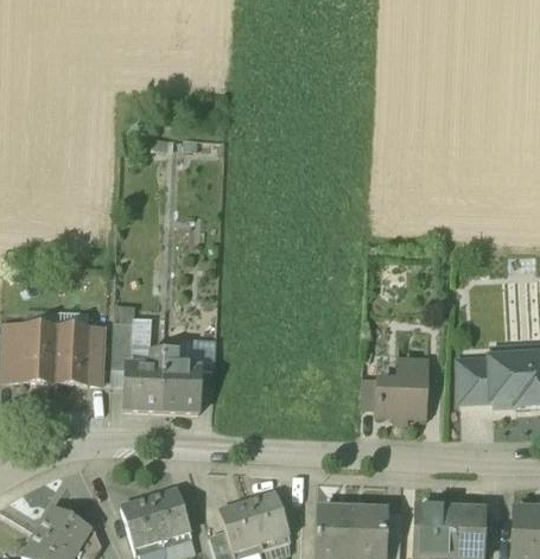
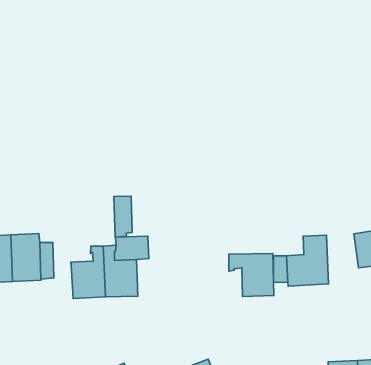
building: [112,322,134,369] -> [114,196,132,237]
building: none -> [229,254,274,297]

